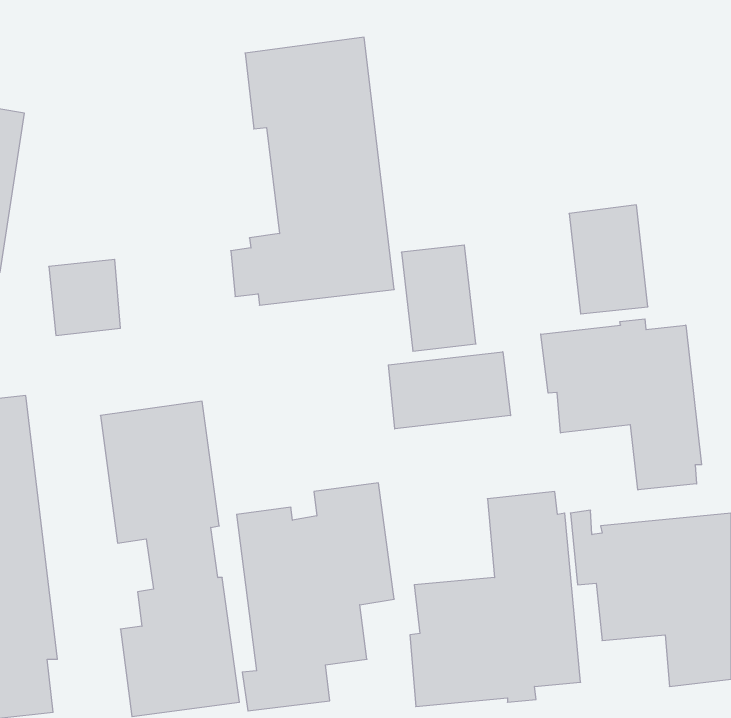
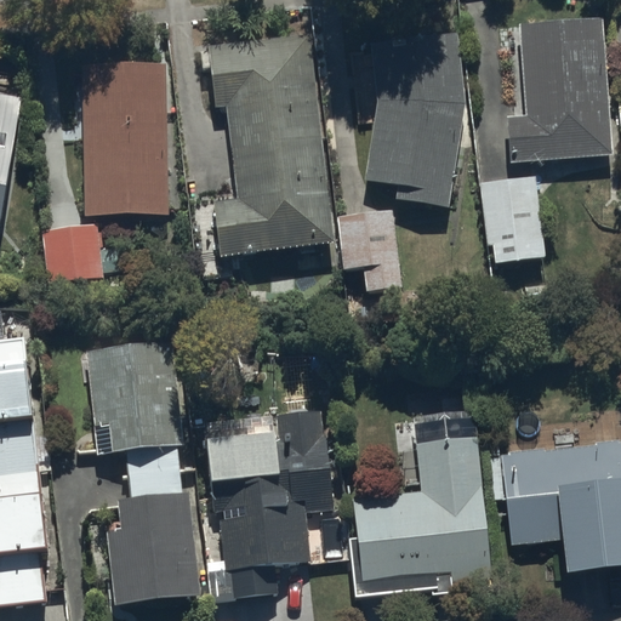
building: none -> [503,13,614,165]
building: none -> [363,29,466,207]
building: none -> [80,59,169,217]
building: [541,319,702,490] -> none
building: [388,352,511,429] -> none

